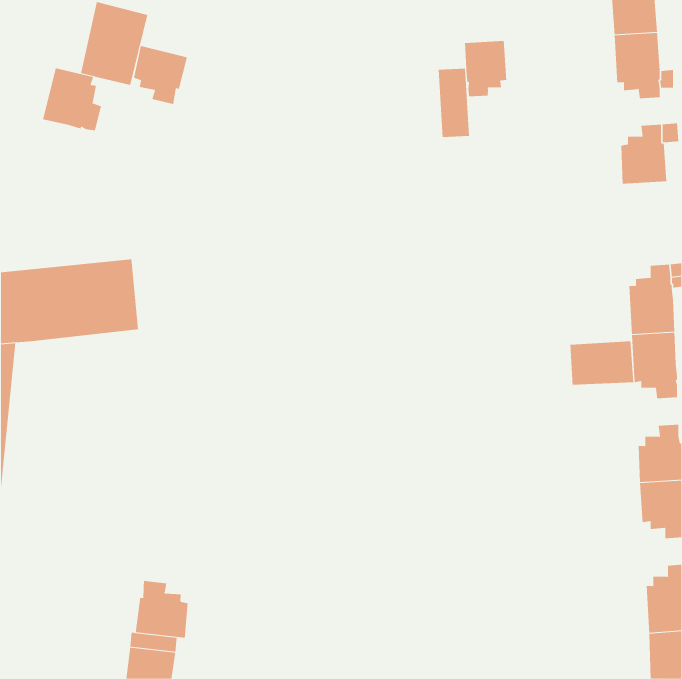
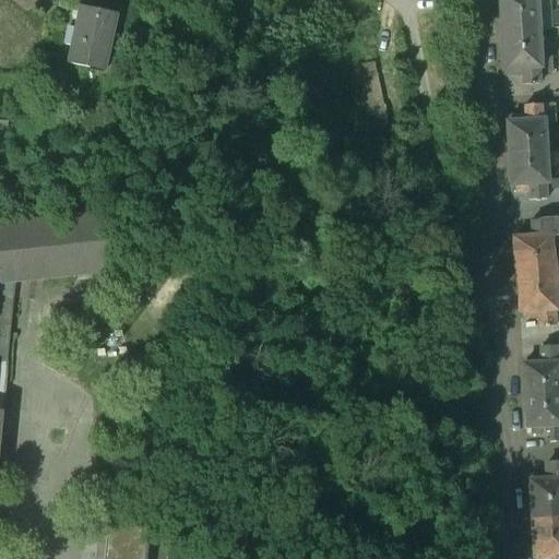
building: [465,40,507,97] -> none
building: [134,45,188,105] -> none
building: [42,68,101,131] -> none
building: none -> [509,148,548,195]
building: [570,340,634,385] -> none
building: [135,580,188,639] -> none

